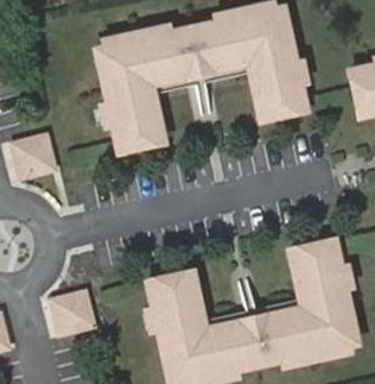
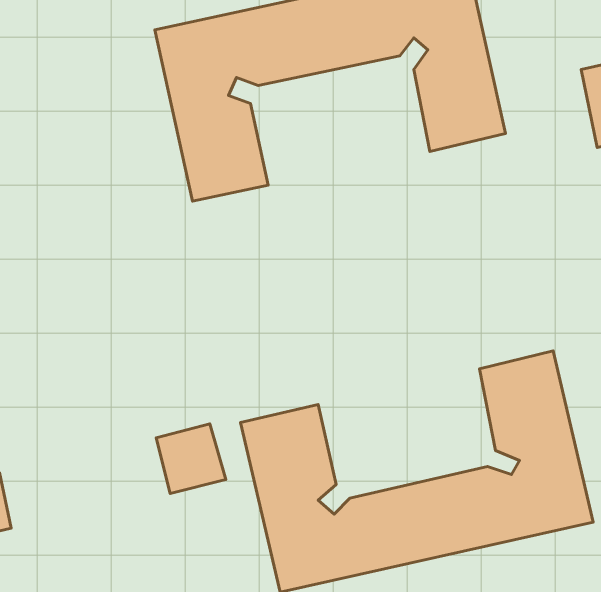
building: [13,134,57,177] -> none
building: [55,290,96,332] -> [156,424,226,494]

